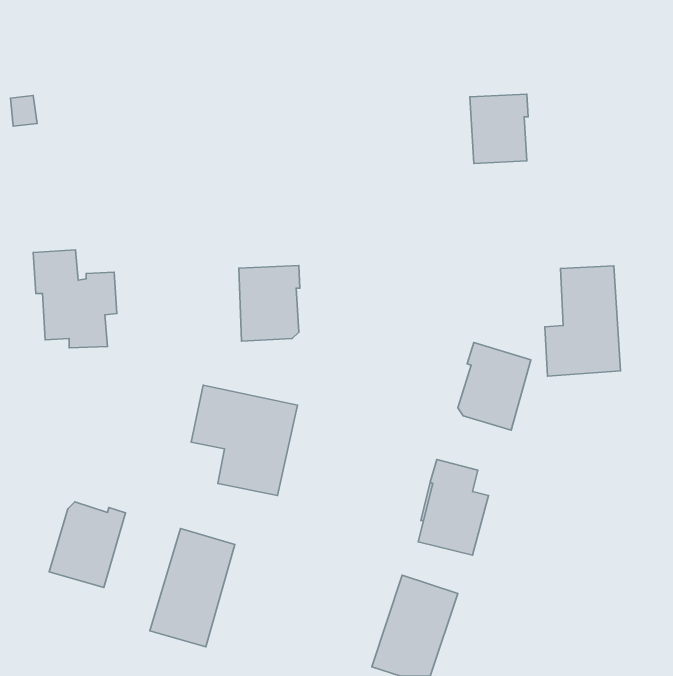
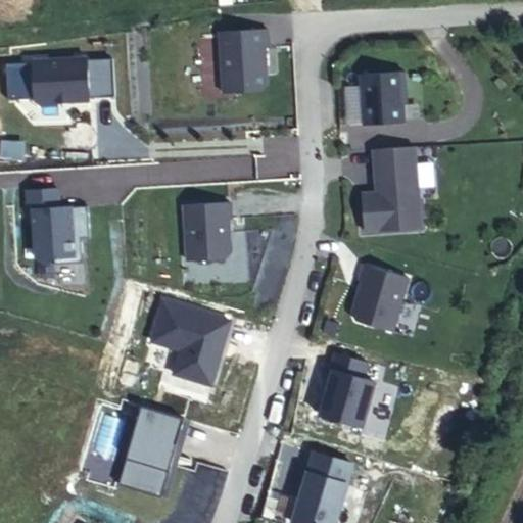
building: none -> [220,30,268,94]
building: none -> [32,59,115,108]
building: [545,266,620,376] -> [362,148,420,233]
building: [49,502,126,587] -> none

